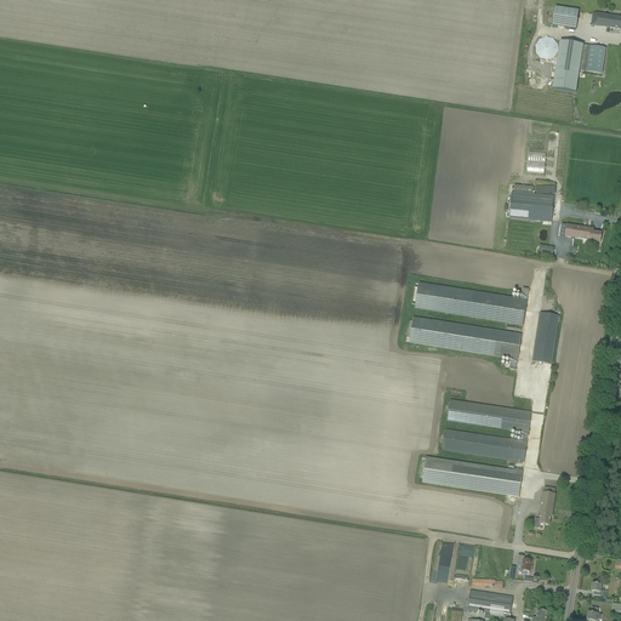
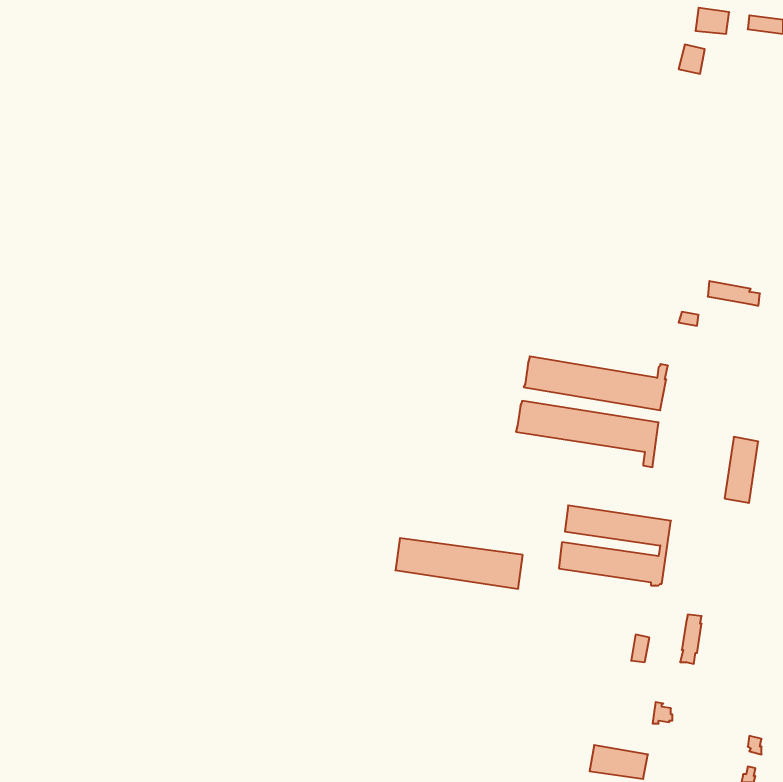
building: [552,40,605,91] -> none
building: [508,183,554,221] -> none
building: [531,312,558,364] -> [725,437,758,503]
building: [421,456,522,496] -> [395,538,523,589]

